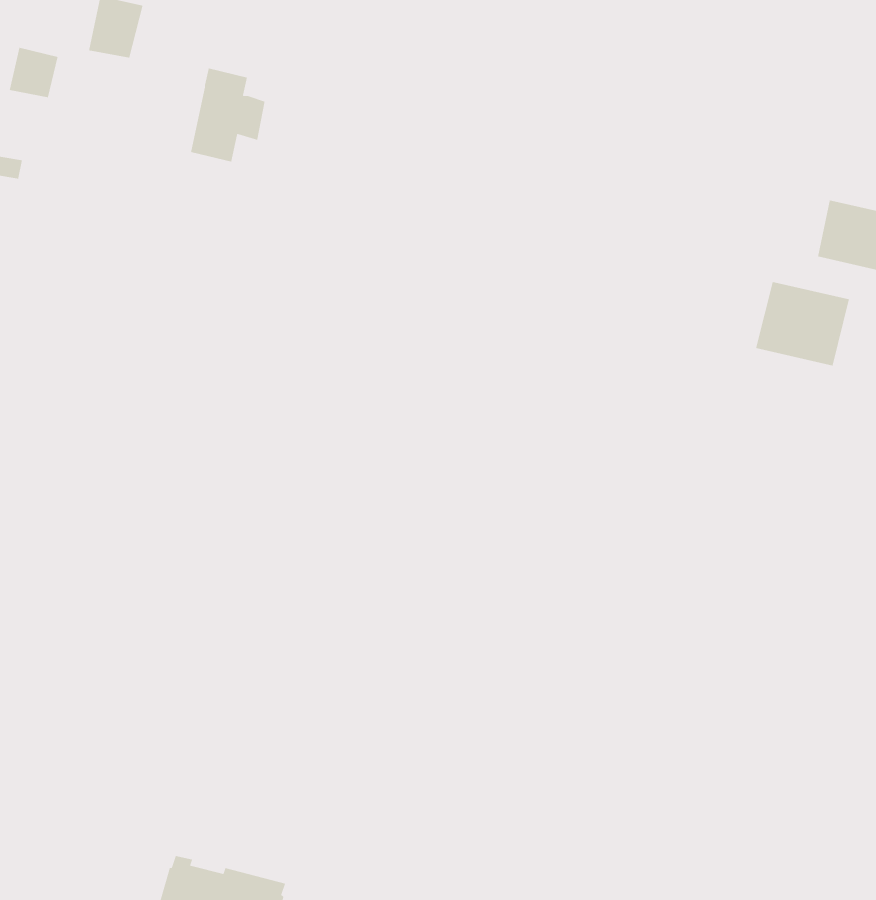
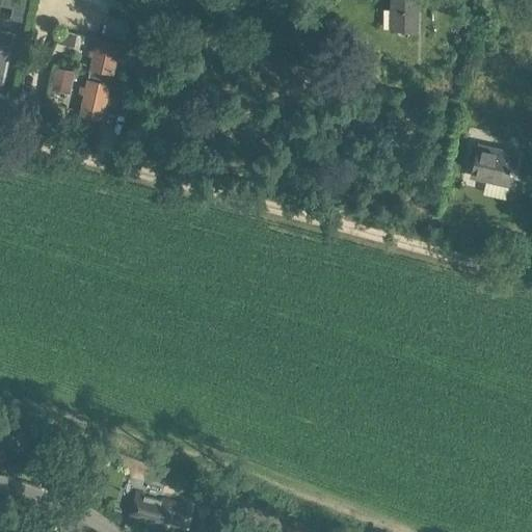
building: [190,67,266,163] -> [79,71,118,121]
building: [755,281,850,366] -> none

